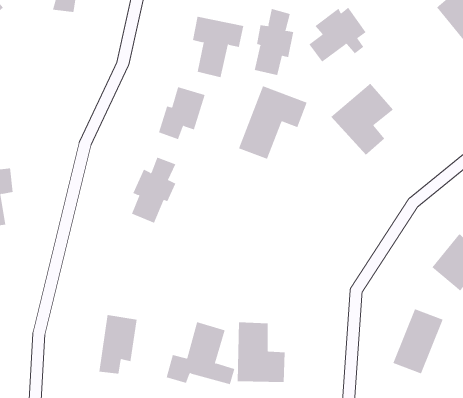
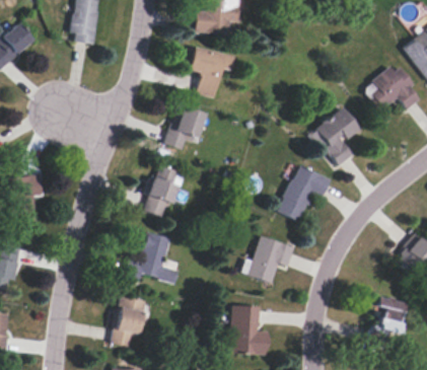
building: [308,7,367,63] -> [365,61,414,107]
building: [254,8,294,76] -> none
building: [238,85,308,160] -> [272,161,330,223]
building: none -> [244,232,293,284]
building: [166,322,235,385] -> [123,231,181,284]

